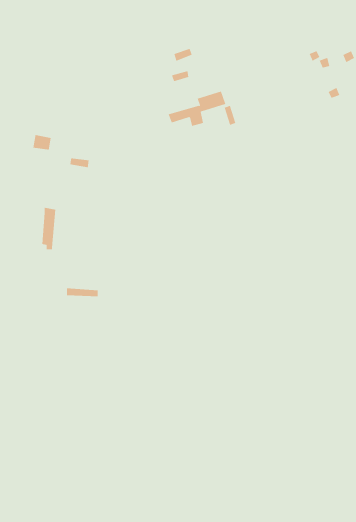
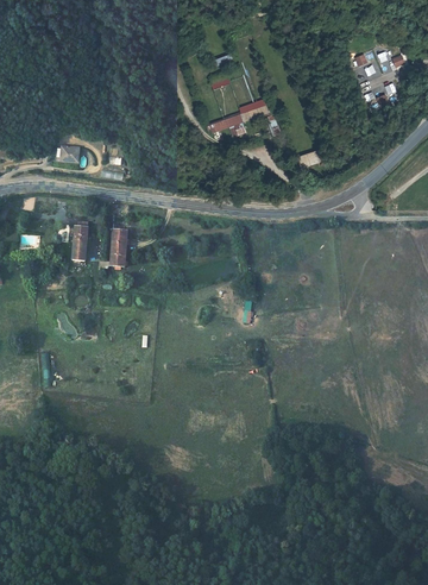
building: none -> [102,220,127,268]

